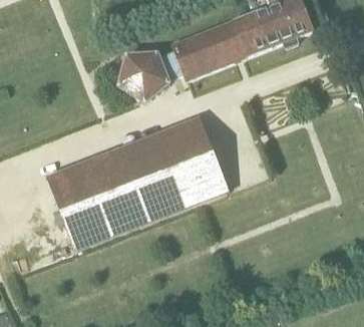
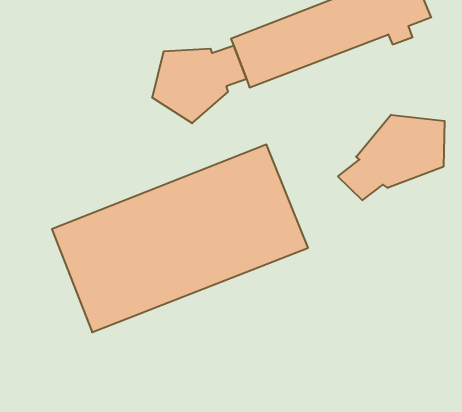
building: none -> [338,115,445,200]

